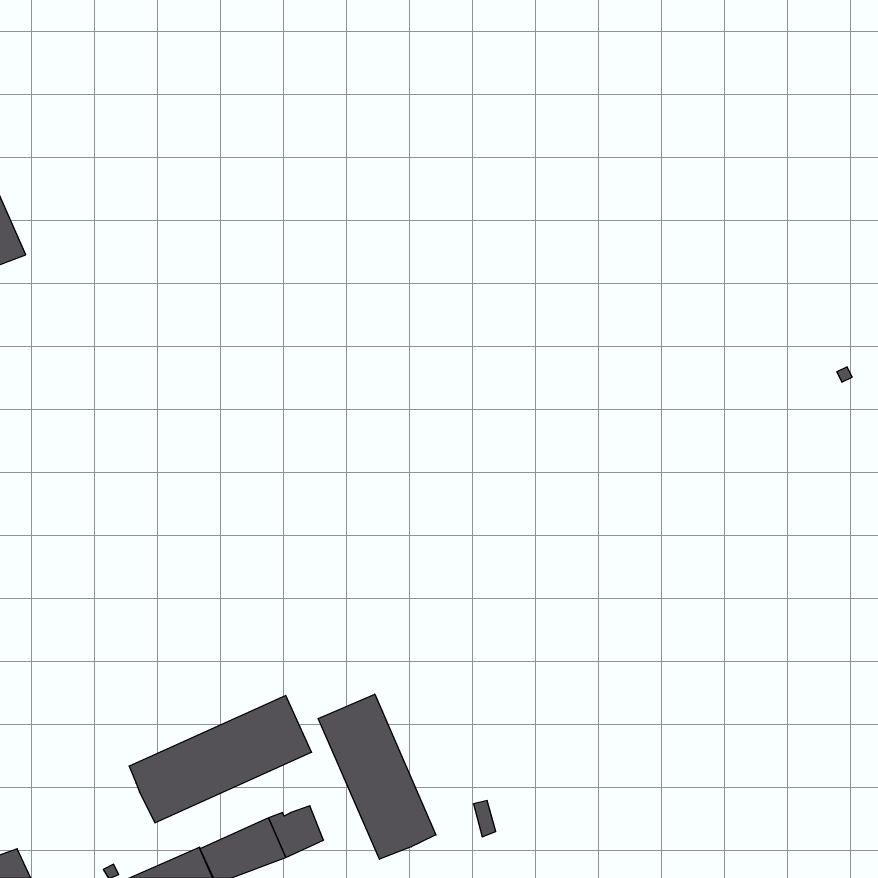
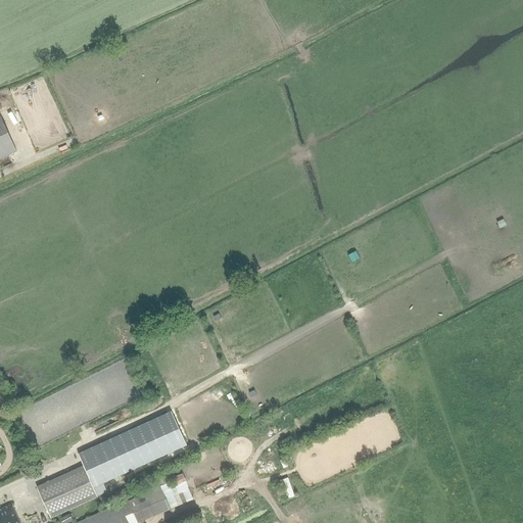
building: [318,694,436,859] -> none
building: none -> [34,465,95,517]

